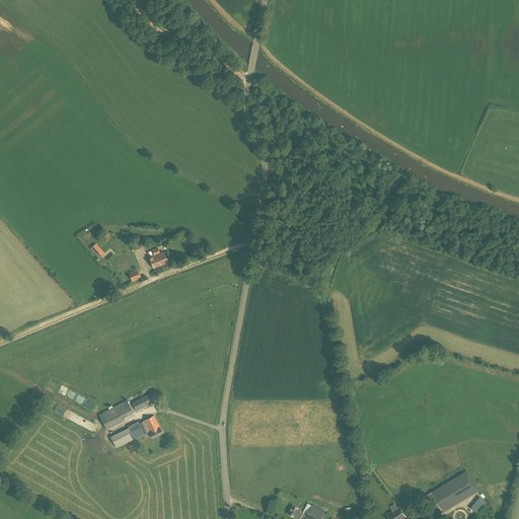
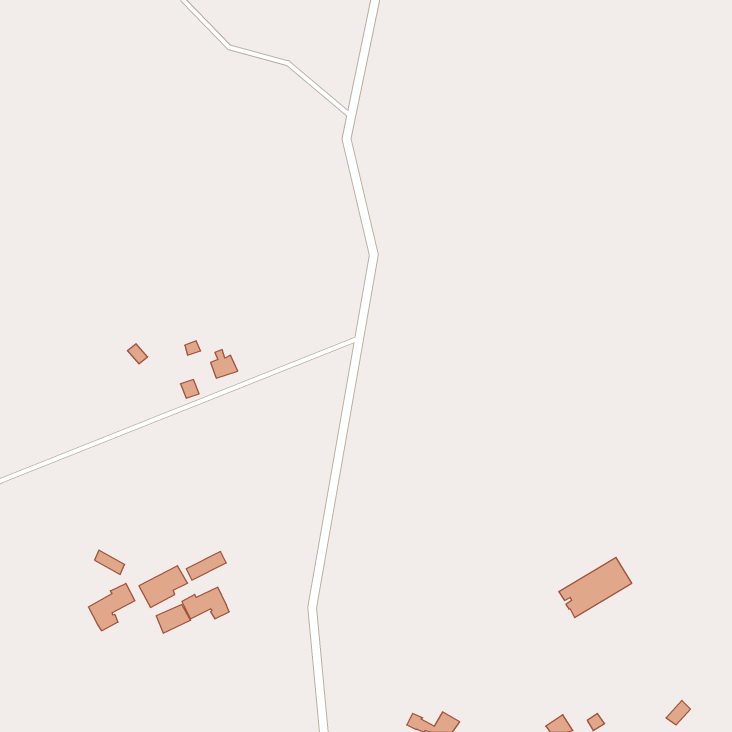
building: none -> [88,583,135,631]
building: [427,469,478,512] -> [559,557,632,618]

